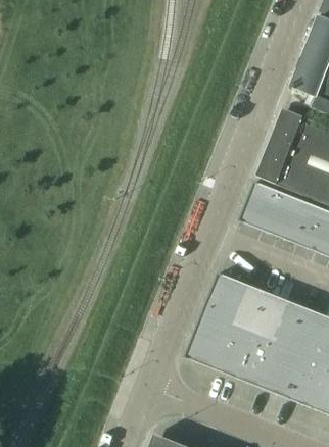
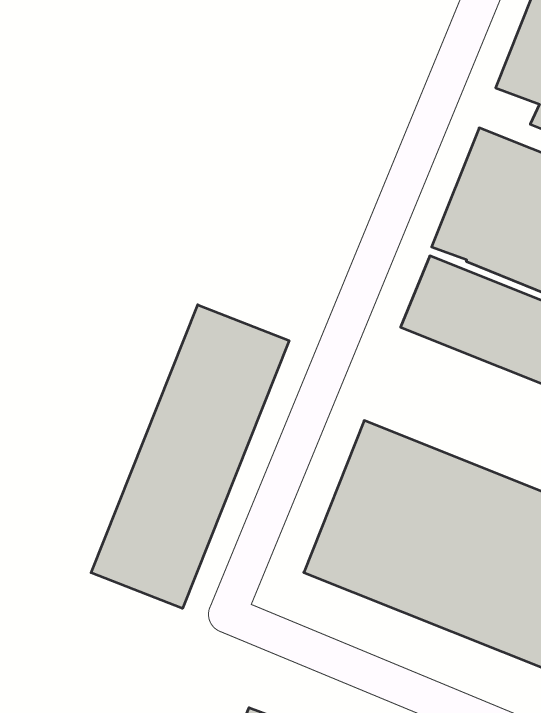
building: none -> [91,305,289,608]

